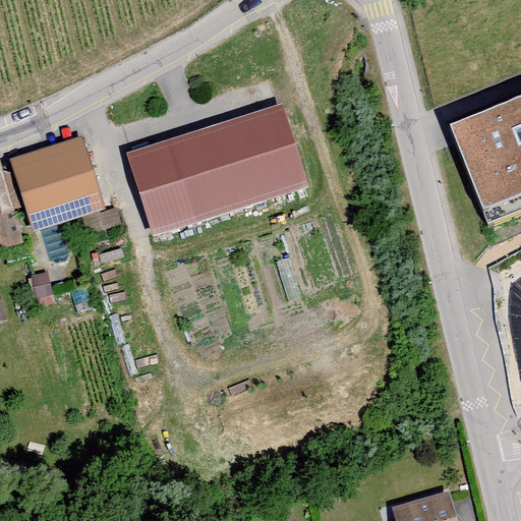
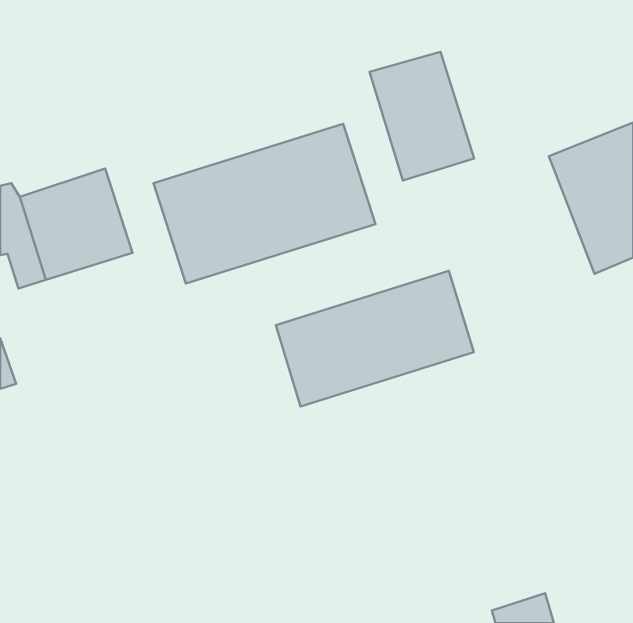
building: none -> [370,52,474,181]
building: none -> [276,271,474,406]

